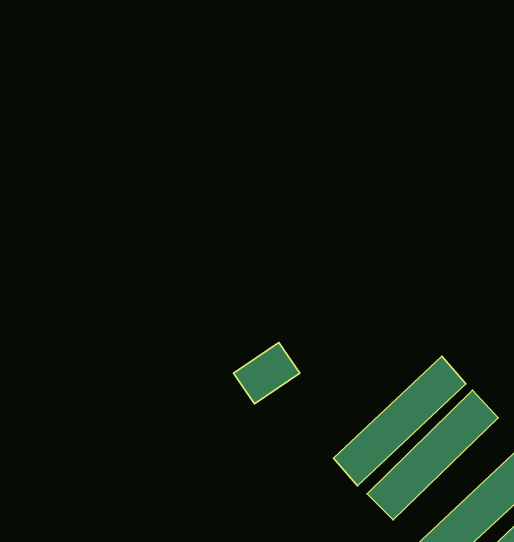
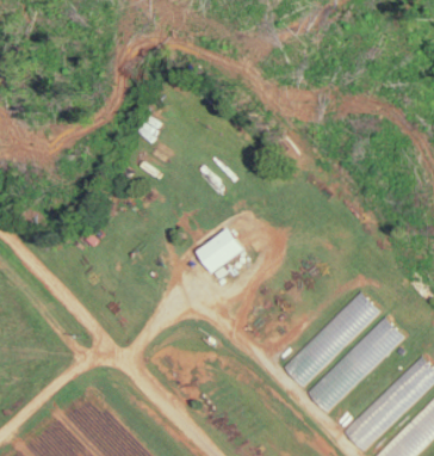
building: [234,342,300,404] -> [199,230,248,276]

